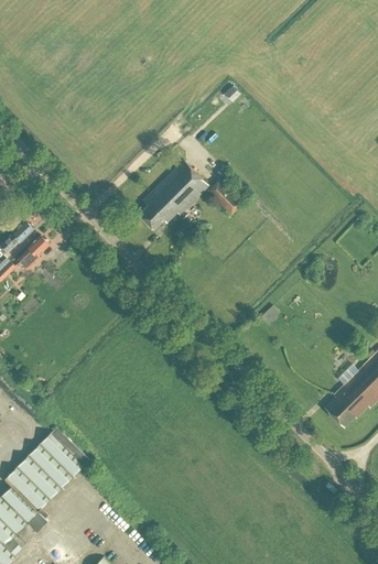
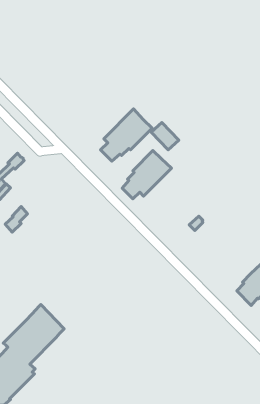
building: none -> [122,151,171,199]
building: [19,235,50,270] -> [5,206,28,232]

